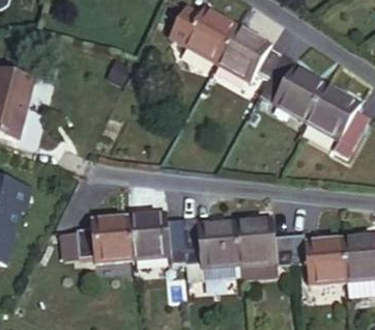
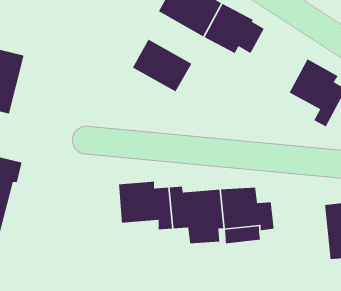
building: [261,52,328,119] -> none
building: none -> [132,39,192,93]
building: [77,215,134,260] -> none
building: [291,232,350,281] -> none

